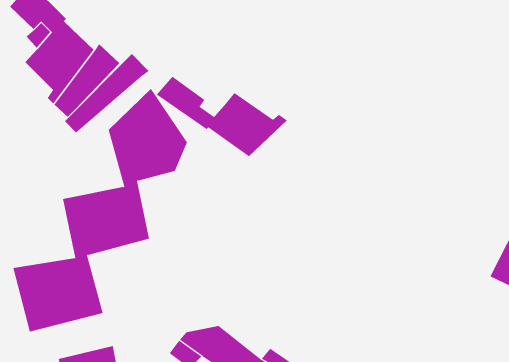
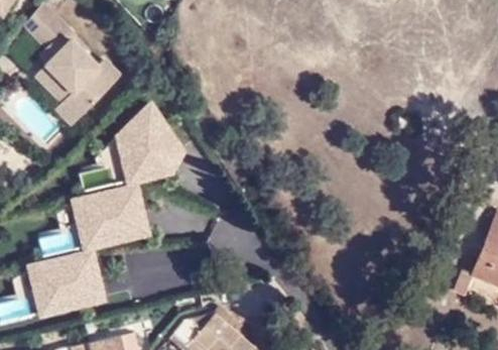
building: [64,53,150,134] -> none
building: [156,76,288,157] -> none

